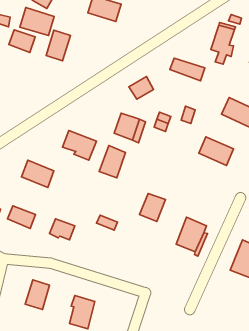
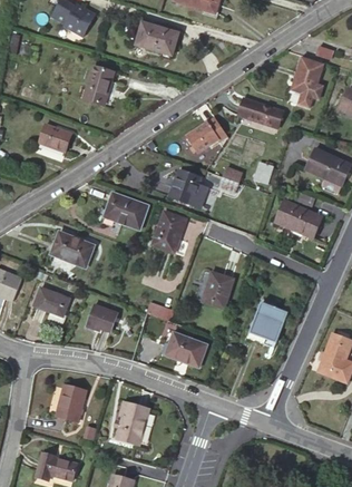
building: [20,7,54,35] -> none
building: [9,30,35,52] -> [41,124,75,153]
building: none -> [168,331,207,367]

